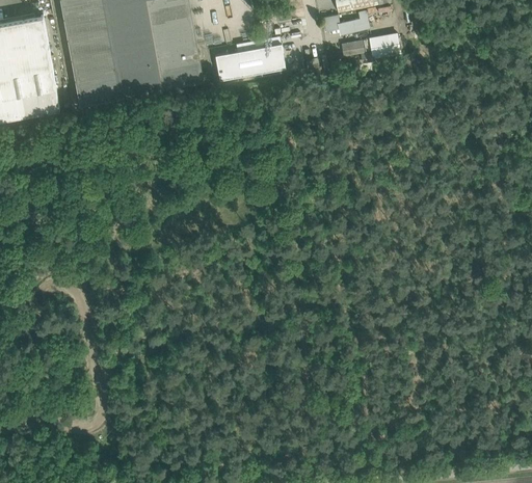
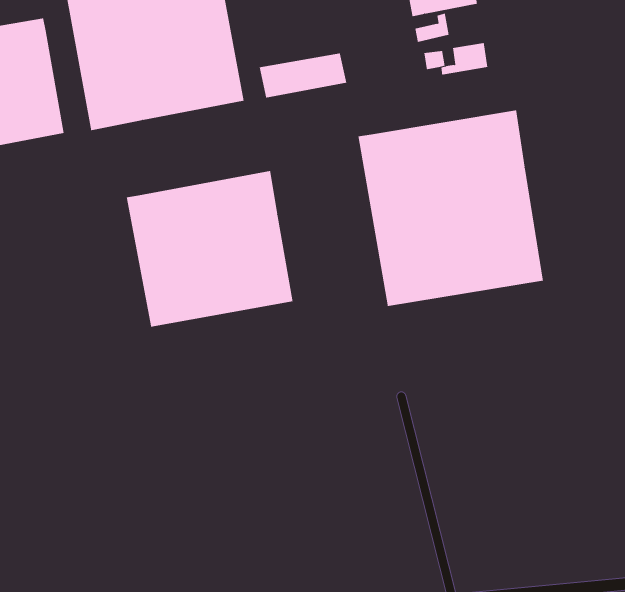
building: none -> [358,109,543,307]
building: none -> [126,170,293,328]

